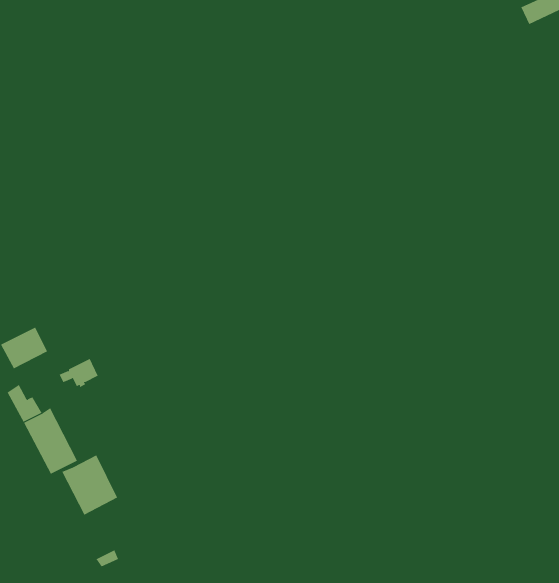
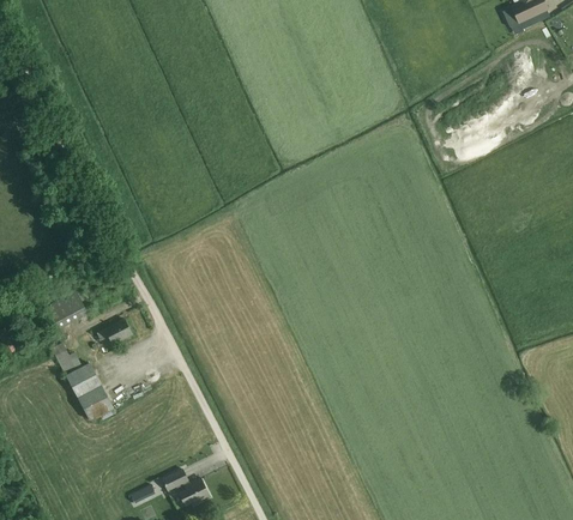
building: [62,454,118,515] -> none
building: none -> [162,470,210,506]

